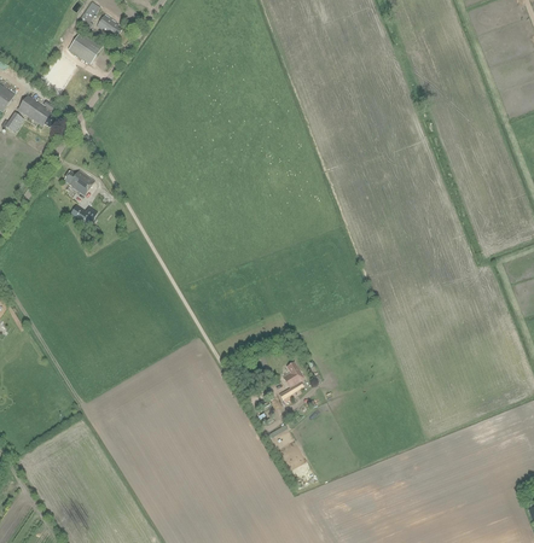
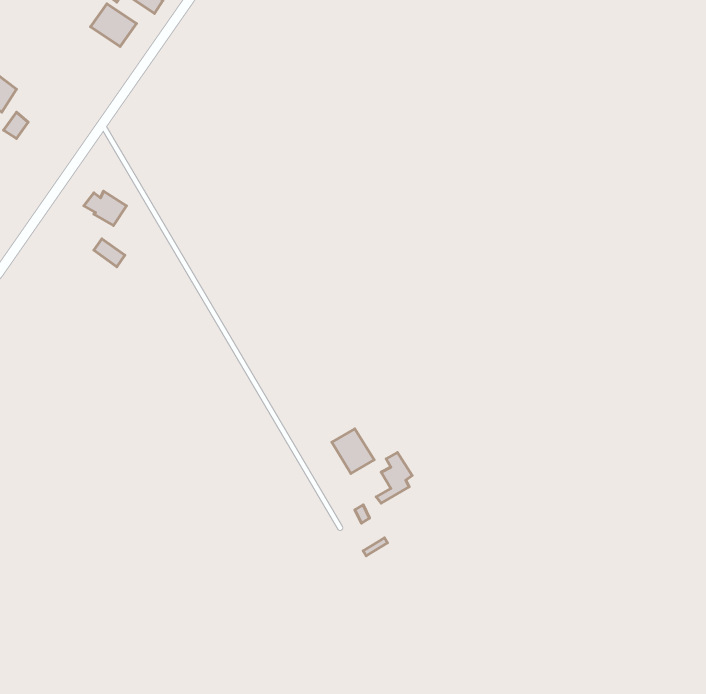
building: [17,95,56,127] -> none
building: none -> [332,429,374,473]

